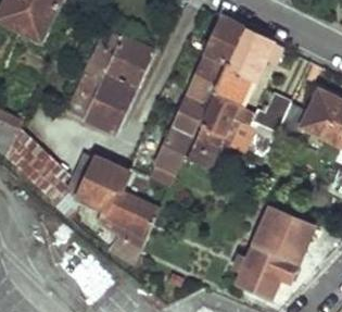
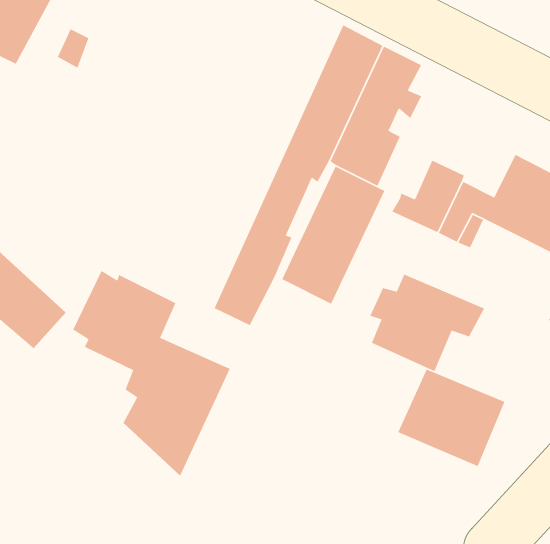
building: [73,29,152,130] -> none
building: [235,245,300,300] -> [369,274,485,372]

